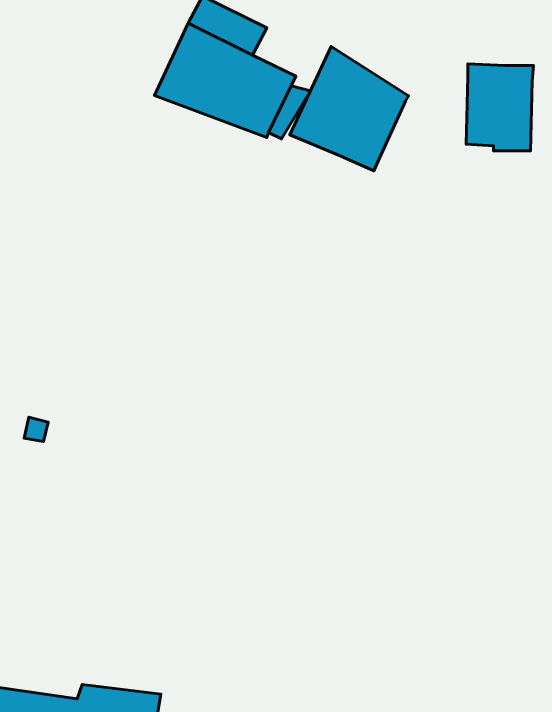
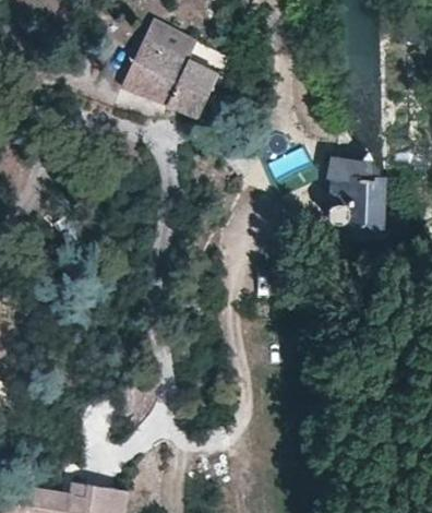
building: [290,46,409,171] -> none
building: [466,64,534,151] -> [334,168,380,227]

